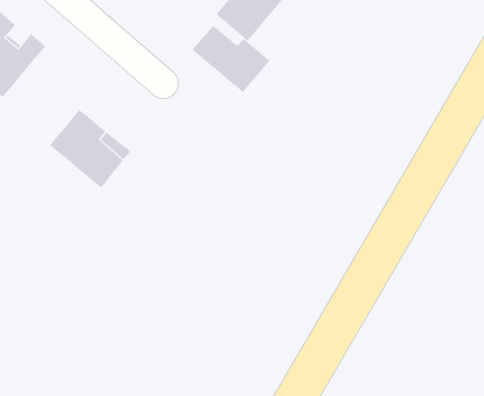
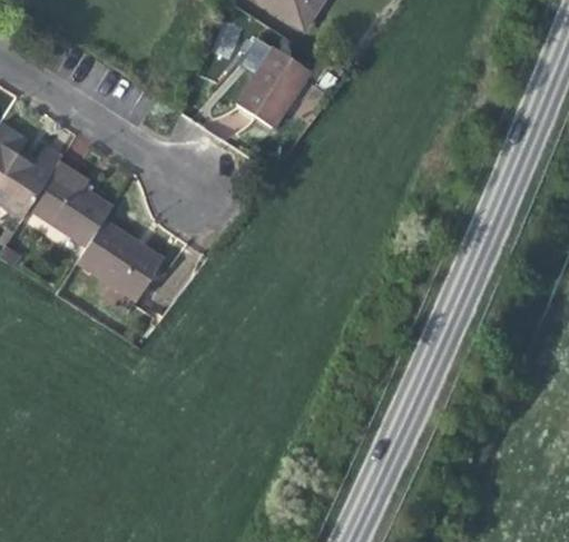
building: [191,25,270,93] -> none
building: none -> [29,161,111,246]

